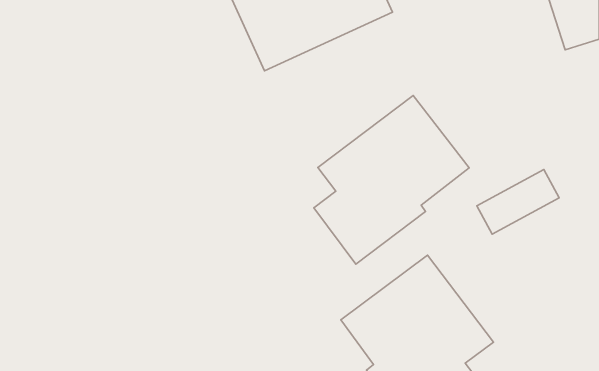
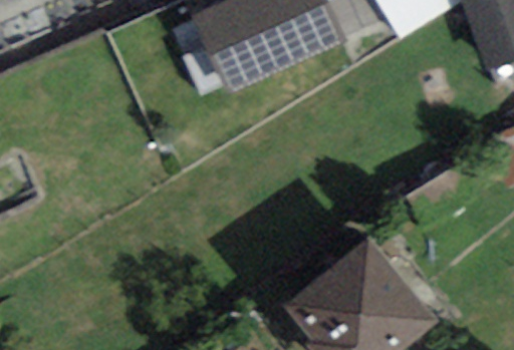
building: [314,96,469,264] -> none

